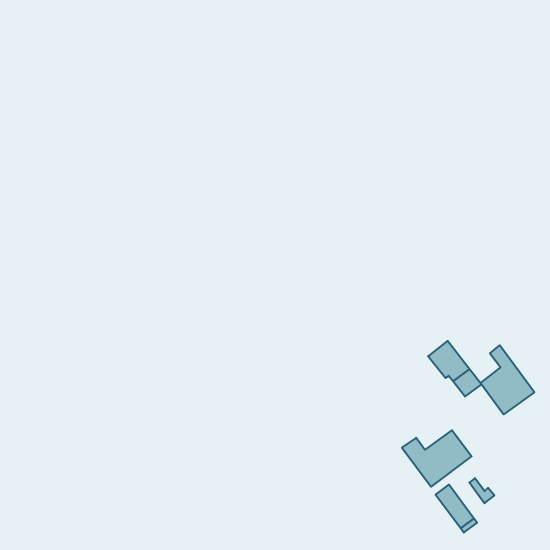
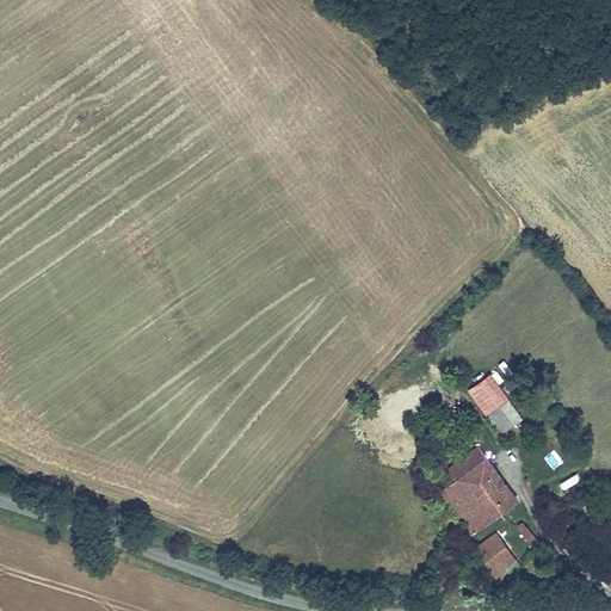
building: [481,345,534,414] -> none
building: none -> [448,448,495,493]

